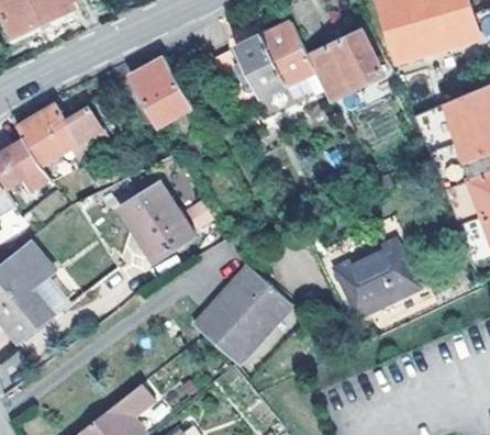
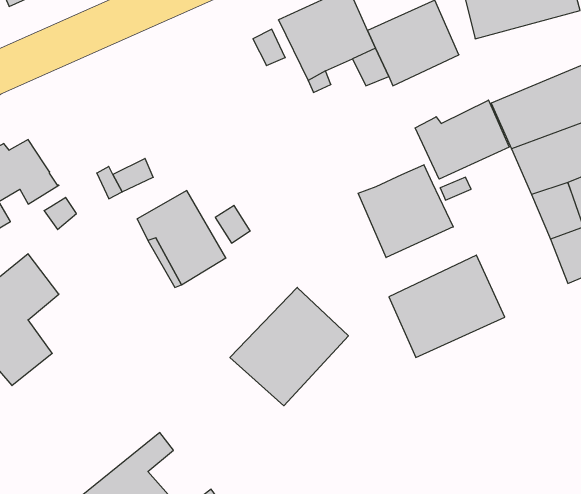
building: [132,62,192,127] -> none
building: [20,103,111,164] -> none
building: none -> [415,100,509,179]
building: none -> [358,165,453,258]

